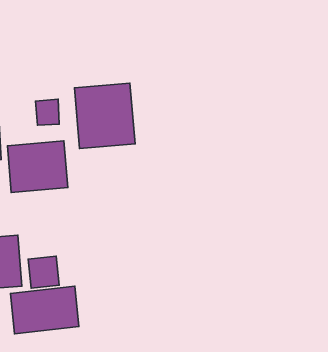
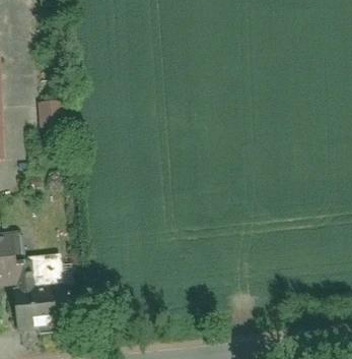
building: [74,83,135,148] -> none
building: [7,141,68,193] -> none

